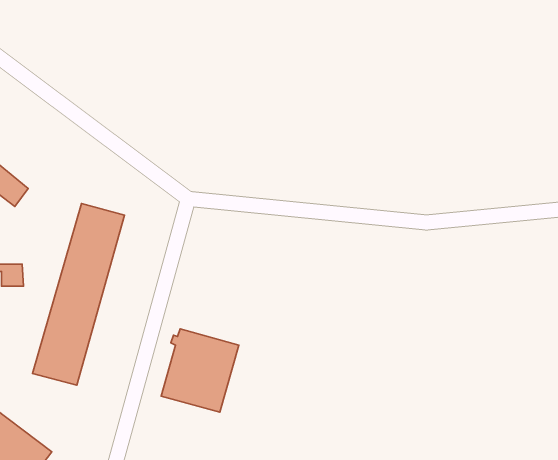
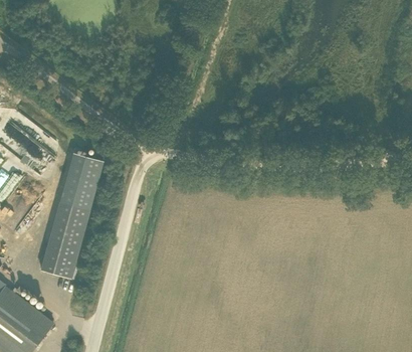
building: [161,329,239,412] -> none

